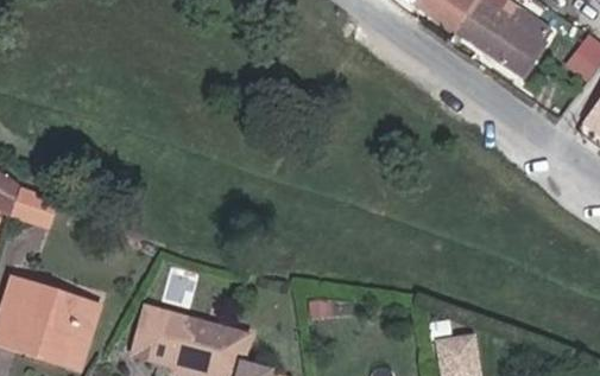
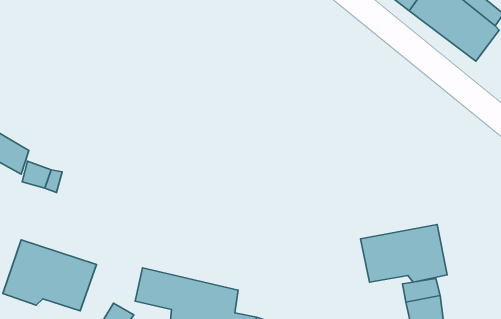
building: none -> [361,225,447,282]

